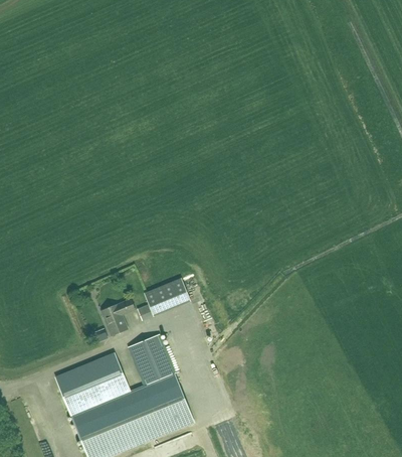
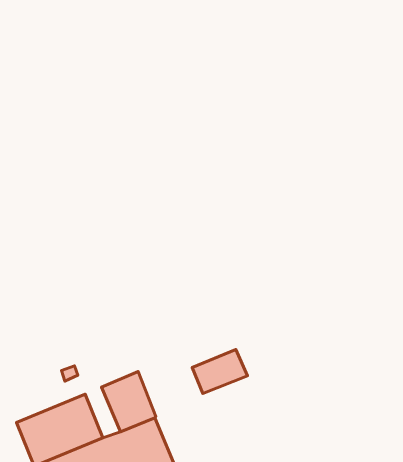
building: [144,278,191,315] -> [192,350,248,393]
building: [100,298,135,336] -> none

